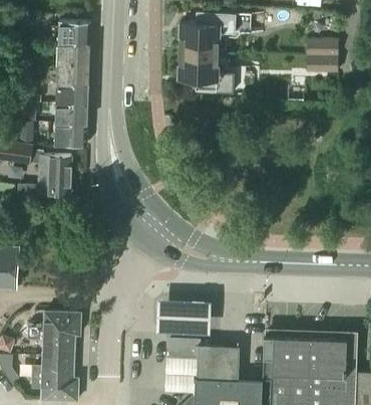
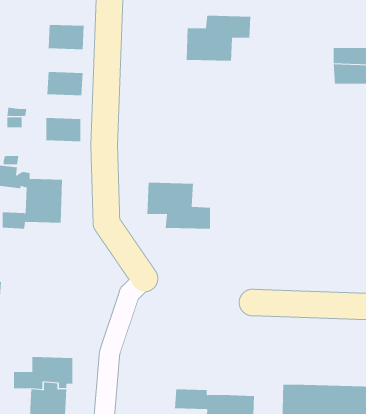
building: [58,43,89,64] -> none
building: [177,53,234,94] -> [147,182,211,229]
building: [56,83,88,105] -> none
building: [55,124,87,146] -> none
building: [156,299,211,334] -> none

